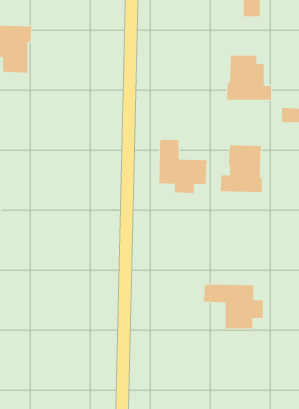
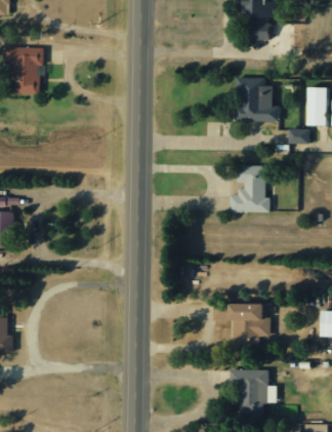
building: [159,139,207,194] -> none
building: none -> [230,369,278,415]

